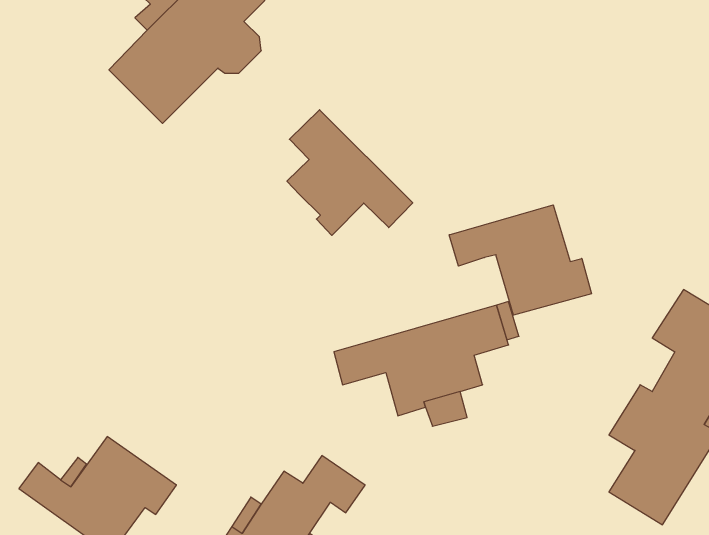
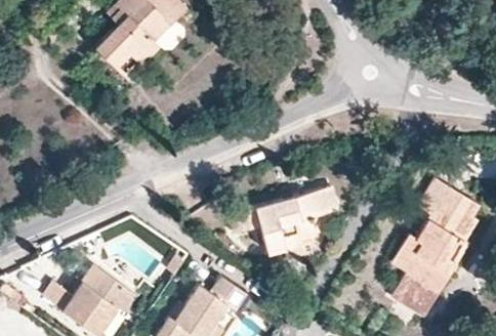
building: [287,110,413,235] -> none
building: [449,205,592,315] -> none

